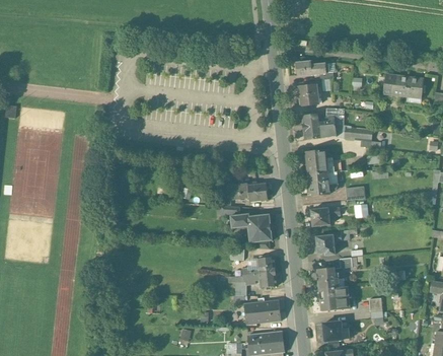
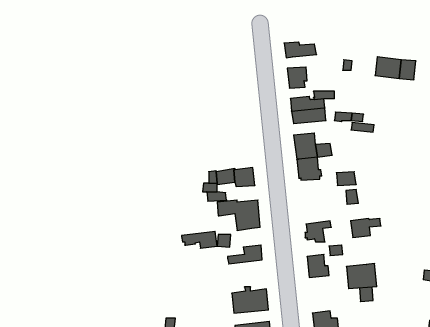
building: [310,208,340,226] -> [351,219,381,237]
building: [241,272,276,288] -> [182,231,217,248]
building: [319,286,349,310] -> [346,264,377,289]

